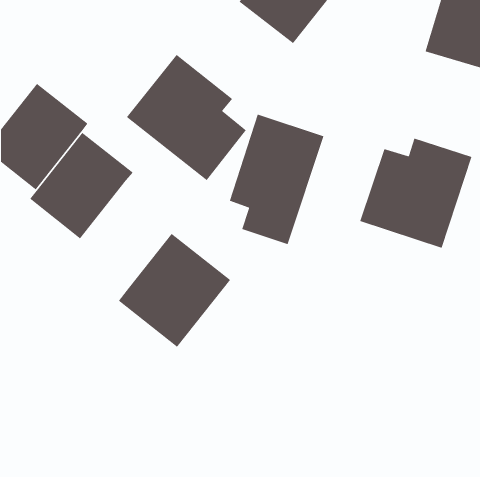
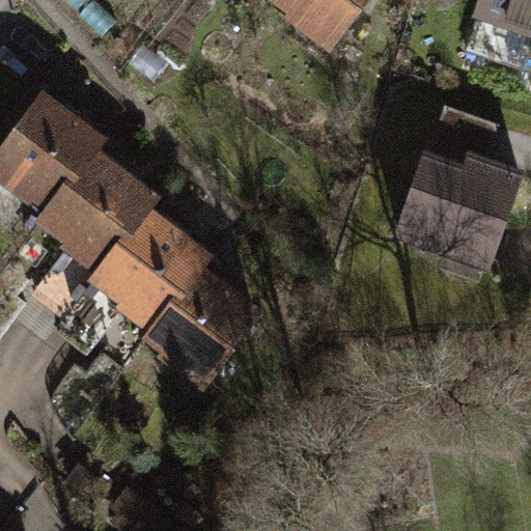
building: [126,54,247,181] -> none
building: [229,114,324,245] -> none
building: none -> [85,199,200,316]

